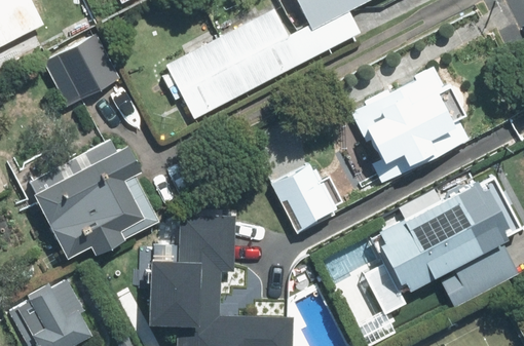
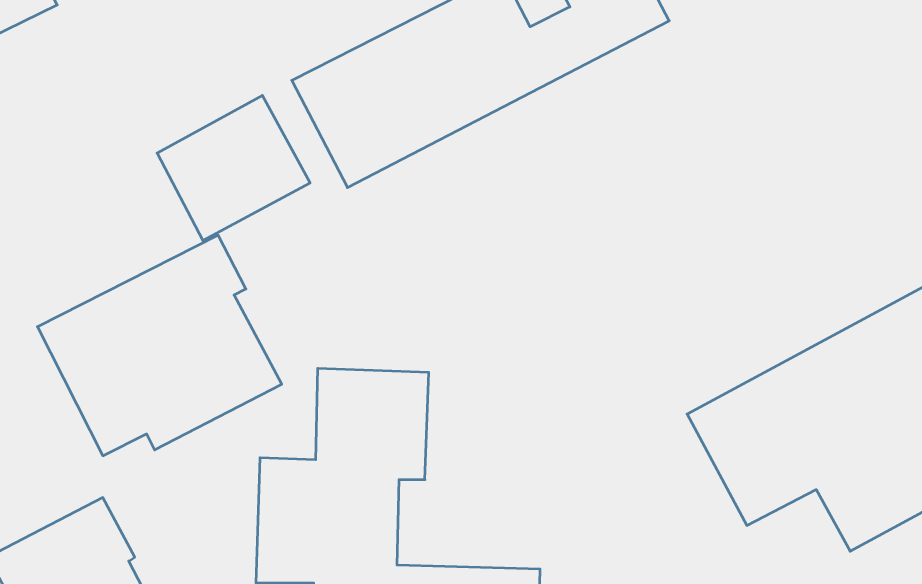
building: [42,33,121,108] -> [157,95,310,240]
building: [346,70,469,182] -> none
building: [270,163,336,233] -> none

